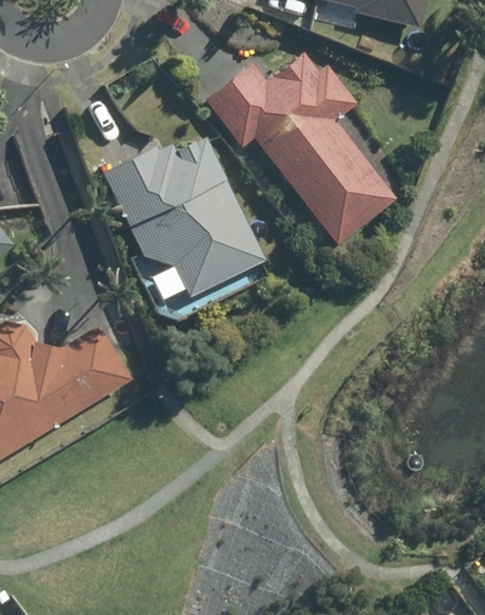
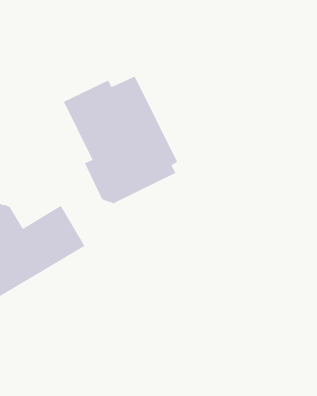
building: [202,53,398,244] -> none

